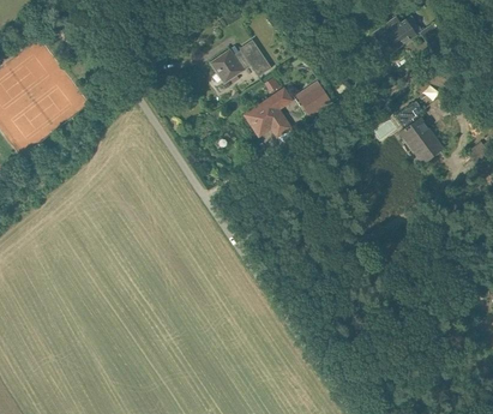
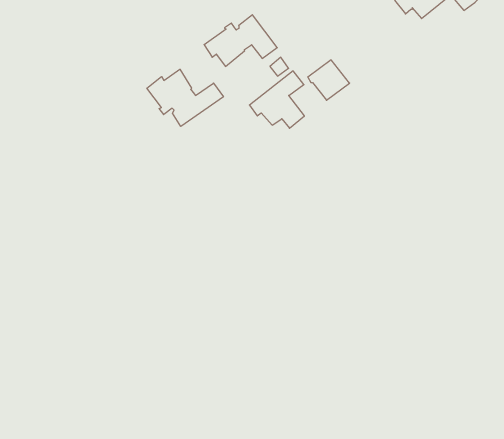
building: none -> [147,69,223,126]
building: [395,102,443,162] -> none

